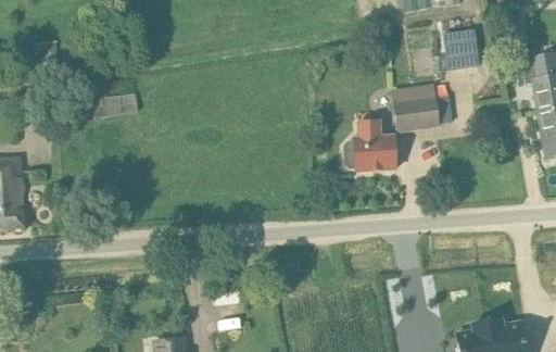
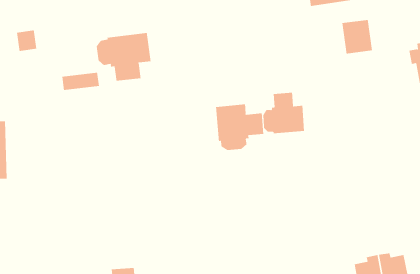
building: none -> [96,32,151,82]
building: [390,85,453,134] -> none
building: none -> [216,104,264,151]

